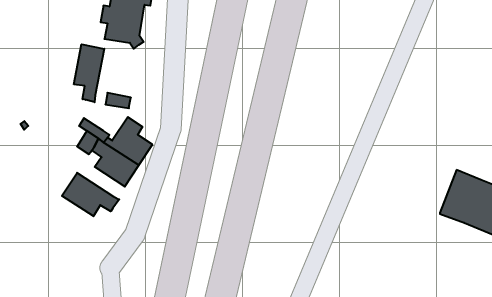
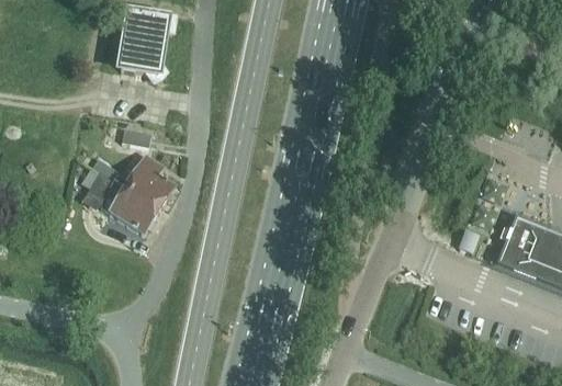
building: [74,44,104,102] -> none
building: [62,173,119,216] -> none

